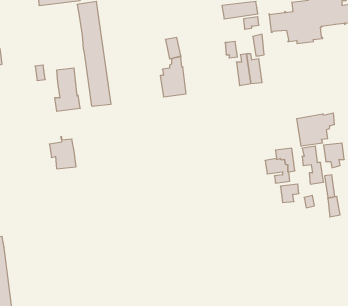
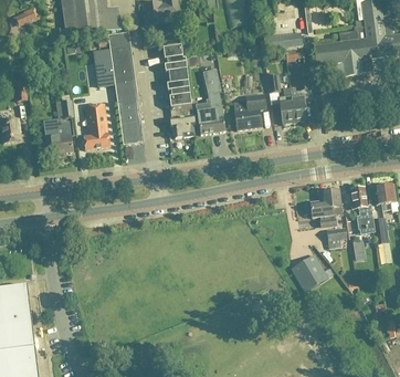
building: none -> [162,42,194,137]
building: none -> [93,46,114,84]
building: none -> [233,94,265,129]
building: [297,113,334,146] -> none
building: [49,137,76,169] -> [44,119,73,154]
building: none -> [291,254,327,291]

